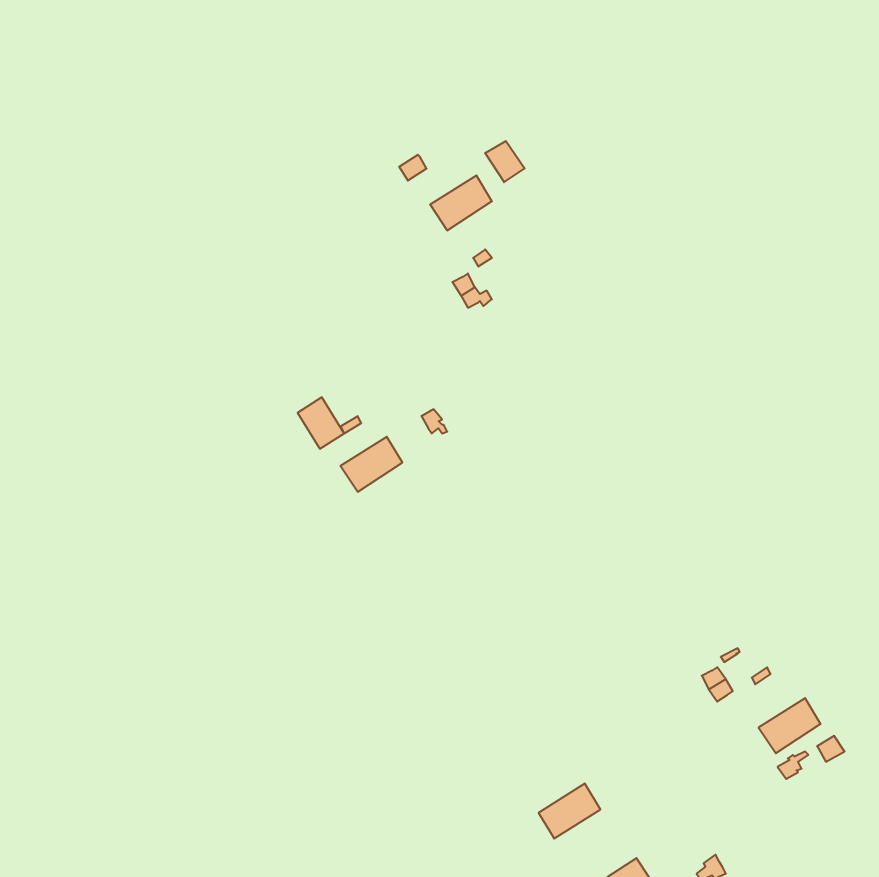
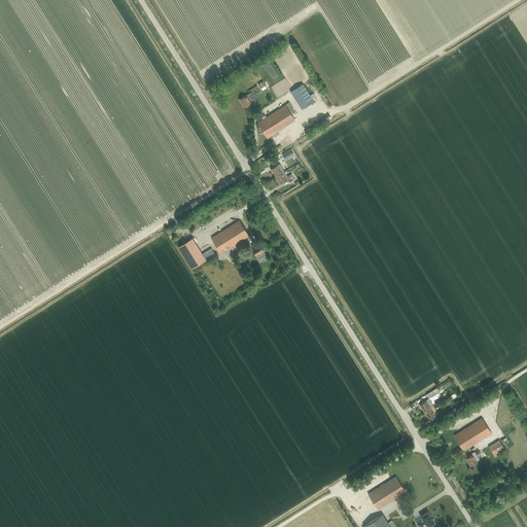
building: [340,437,402,492] -> [211,221,248,254]
building: [539,784,600,839] -> [368,478,406,511]

